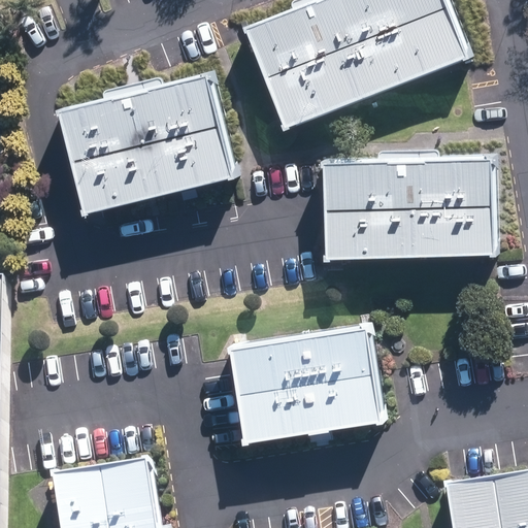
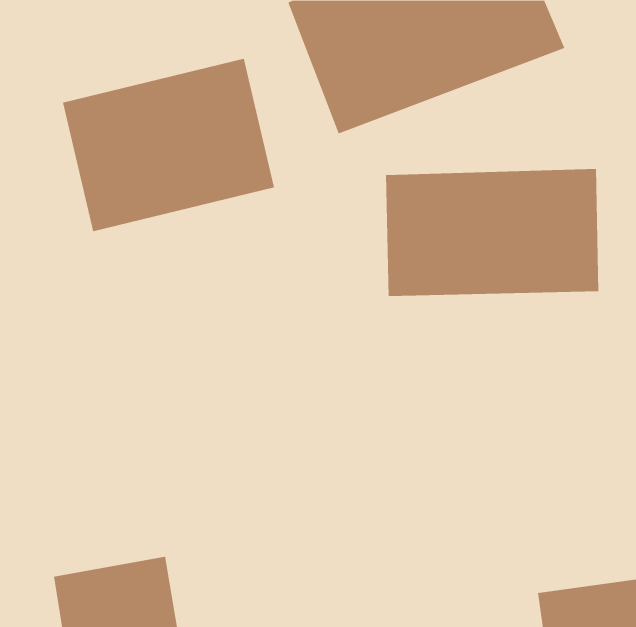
building: [231,329,381,440] -> none

